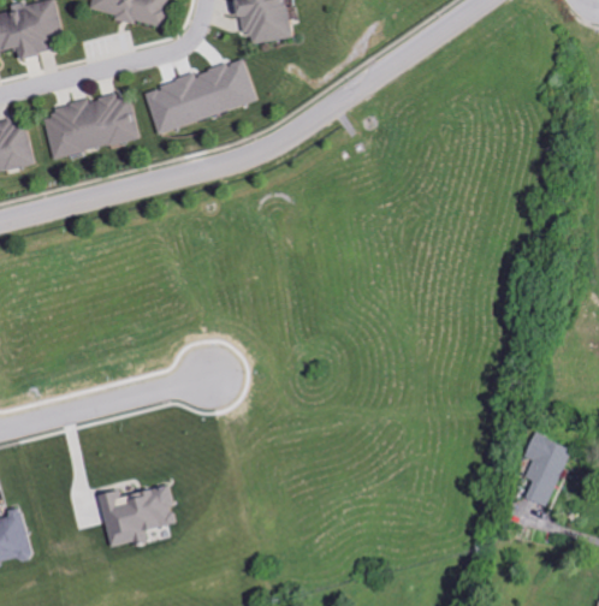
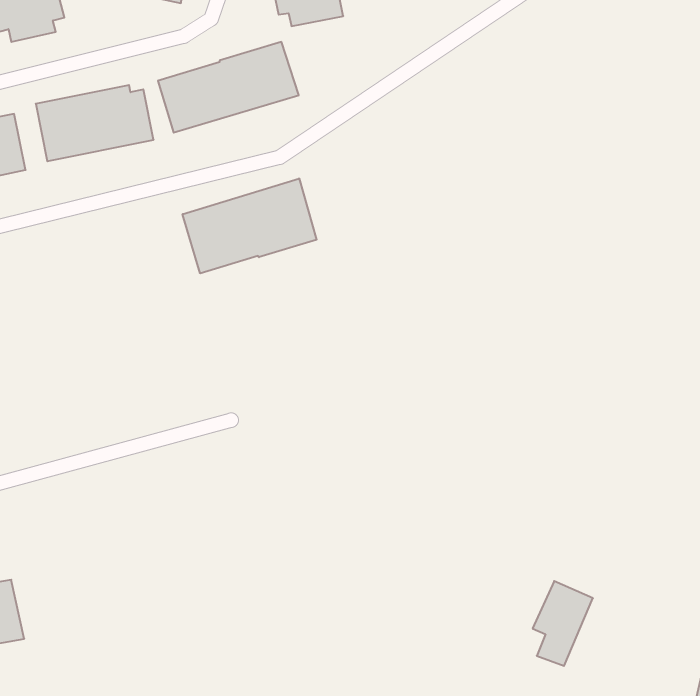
building: none -> [183,178,317,273]
building: [520,435,570,506] -> [533,581,593,666]
building: [99,486,174,547] -> none

